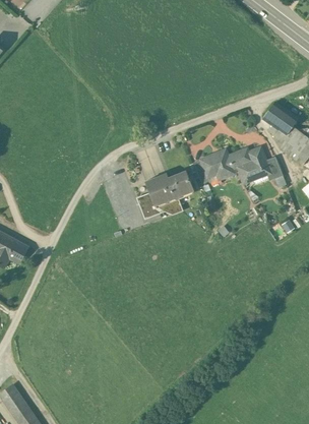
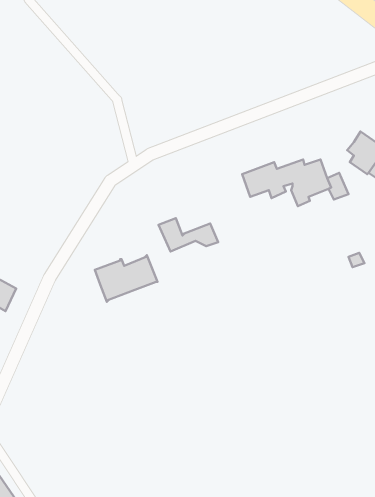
building: [262,101,297,134] -> none
building: [145,170,193,205] -> [95,255,157,302]

